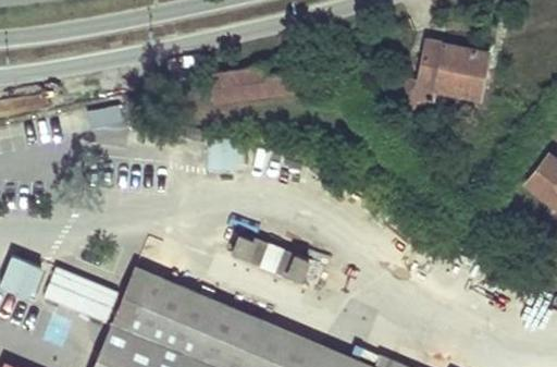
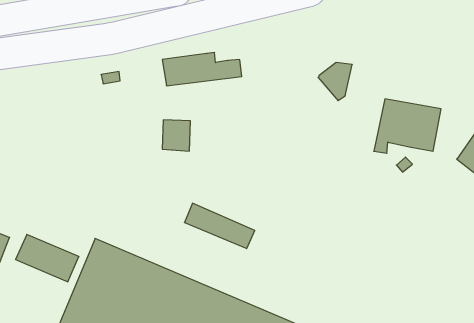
building: [414,41,487,100] -> [374,99,441,153]

